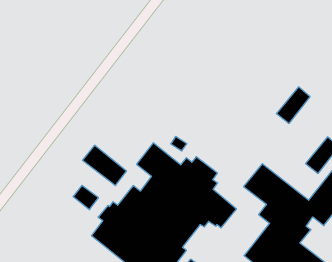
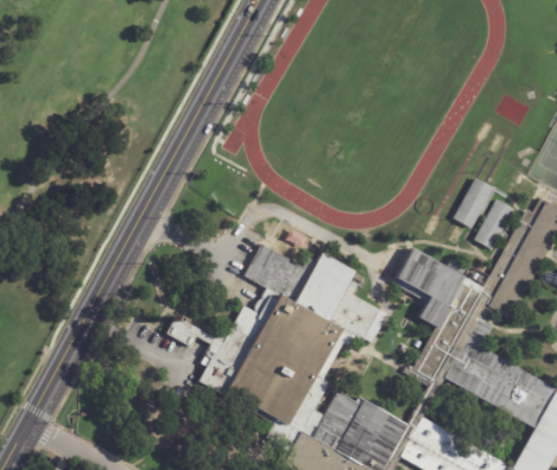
building: [276,87,310,123] -> [452,177,494,228]
building: [83,145,126,186] -> none

